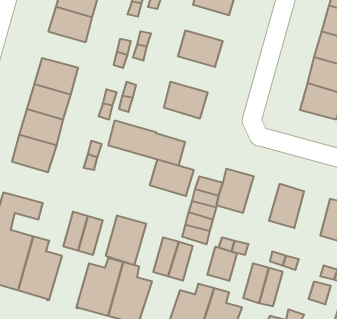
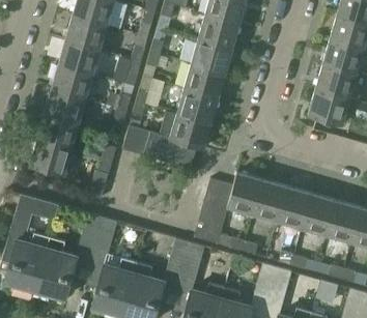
building: none -> [197,13,239,49]
building: none -> [58,39,101,75]
building: none -> [182,63,226,98]
building: [150,159,194,196] -> [169,113,211,148]
building: none -> [253,179,288,222]
building: none -> [303,194,337,236]
building: [106,215,146,265] -> none
building: [207,247,237,281] -> none

